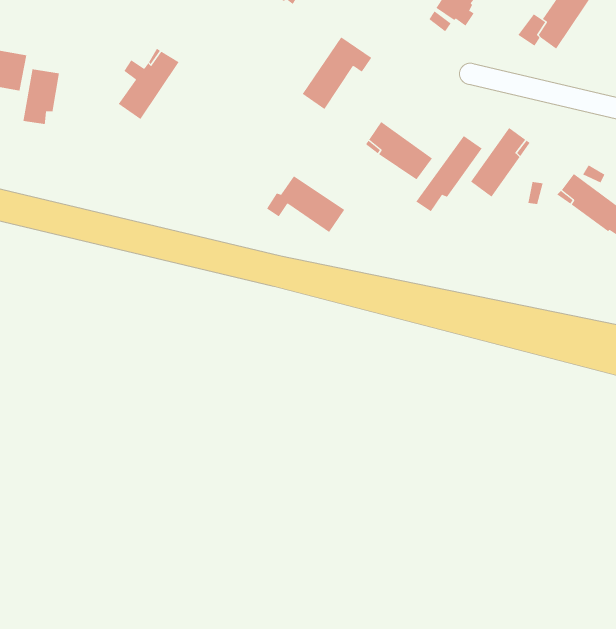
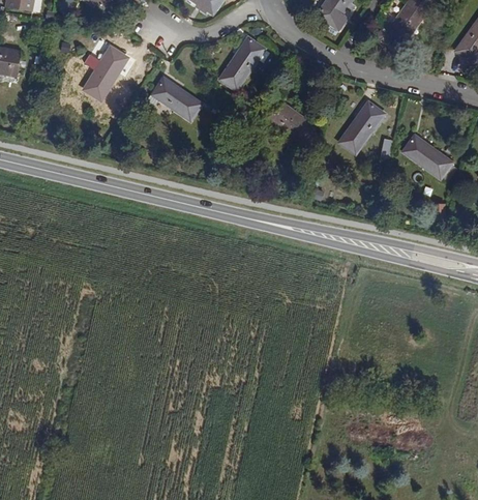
building: [23,68,60,125] -> none
building: [416,135,483,212] -> none
building: [266,175,345,233] -> [144,78,201,119]

